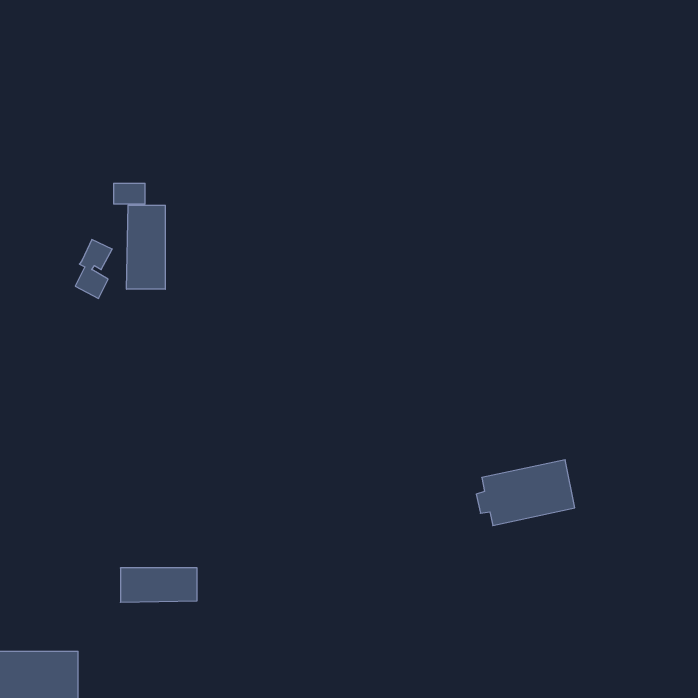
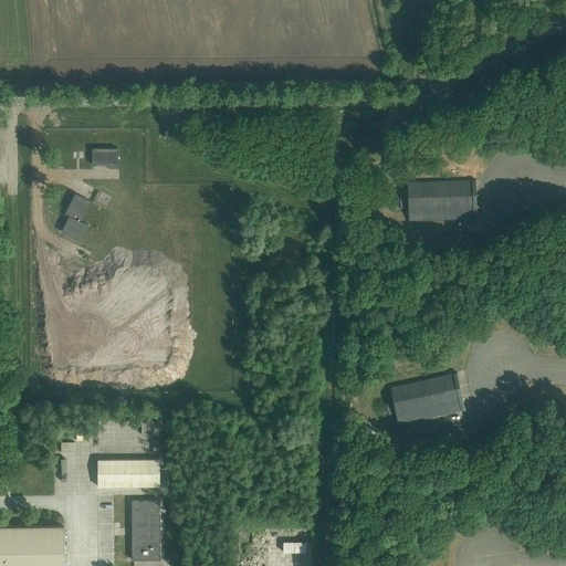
building: [127,205,165,289] -> none
building: none -> [399,180,476,221]
building: none -> [130,501,160,560]

